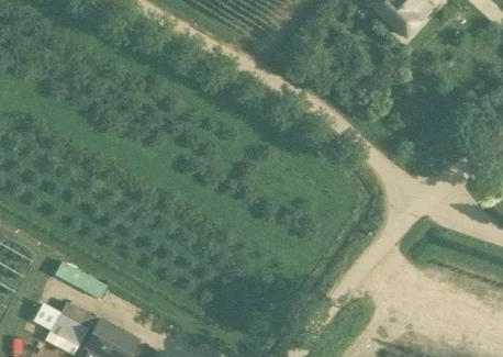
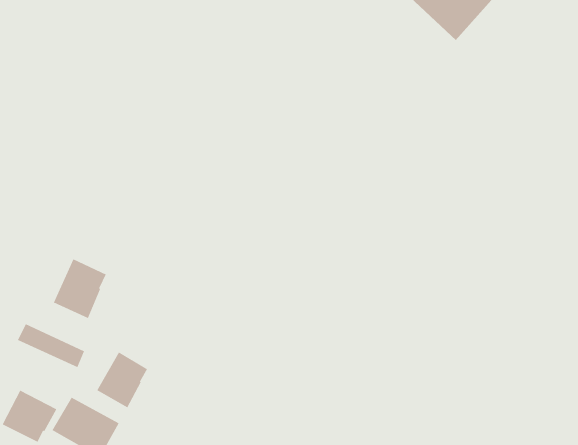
building: none -> [53,258,106,319]
building: none -> [96,352,148,408]

